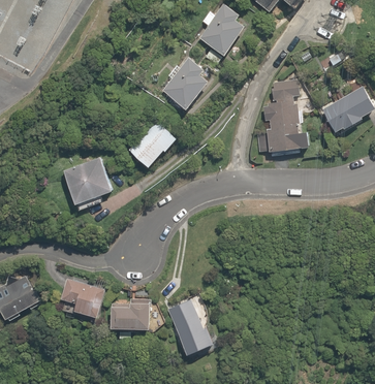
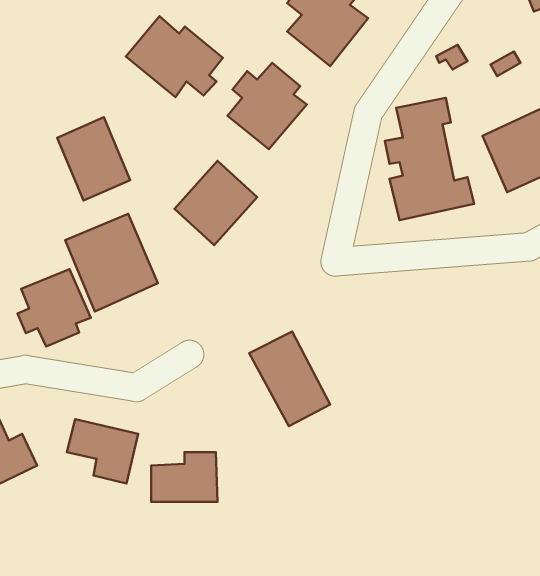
building: none -> [126,16,223,97]
building: none -> [57,117,130,200]
building: none -> [18,269,91,346]
building: [167,298,218,357] -> [249,332,330,426]

